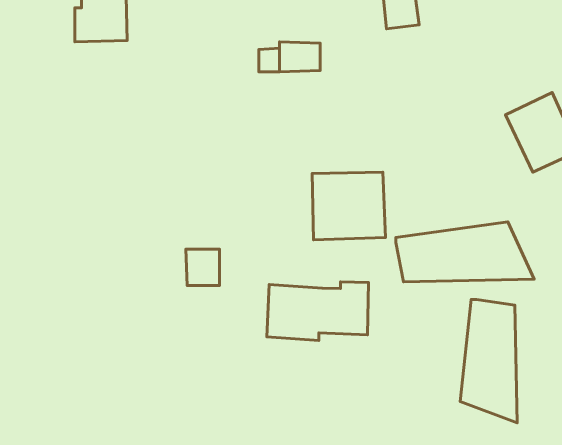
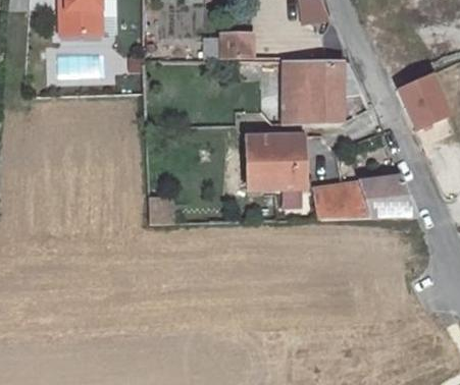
building: none -> [282,60,362,122]
building: [267,282,368,341] -> none
building: [460,299,517,423] -> none

